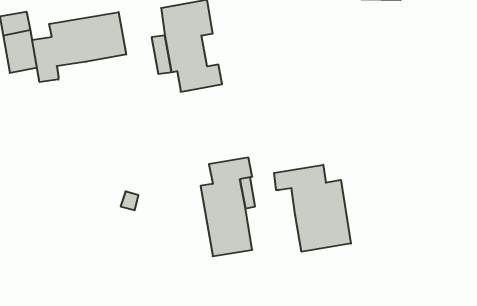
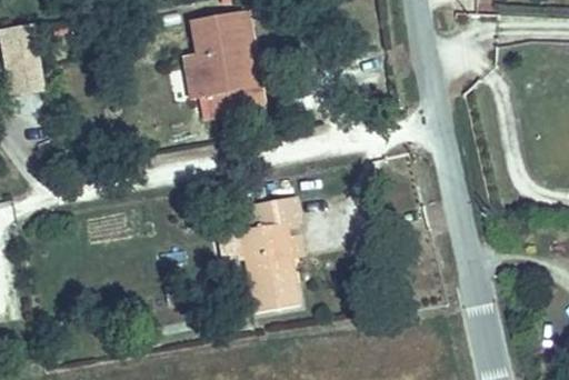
building: [32,12,126,82] -> none
building: [274,165,351,252] -> none

